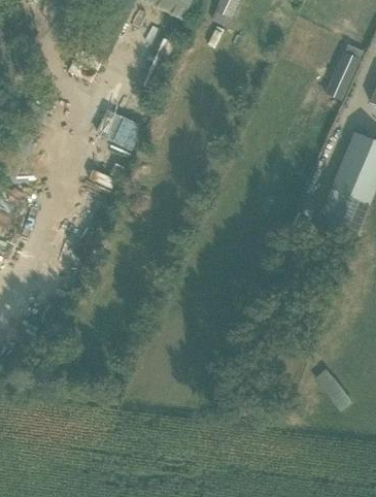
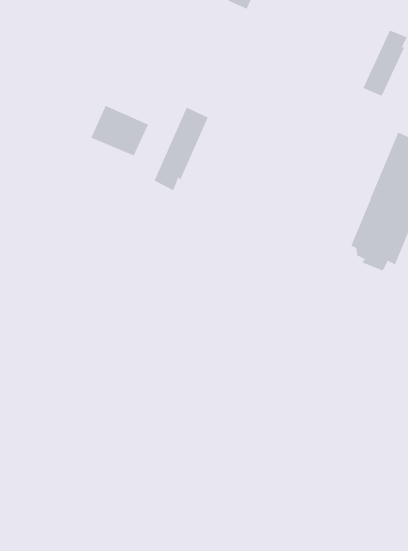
building: none -> [154,107,208,191]

